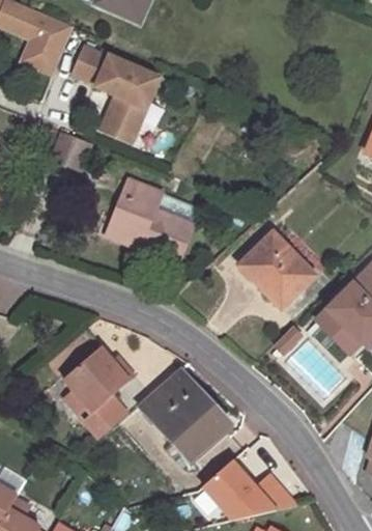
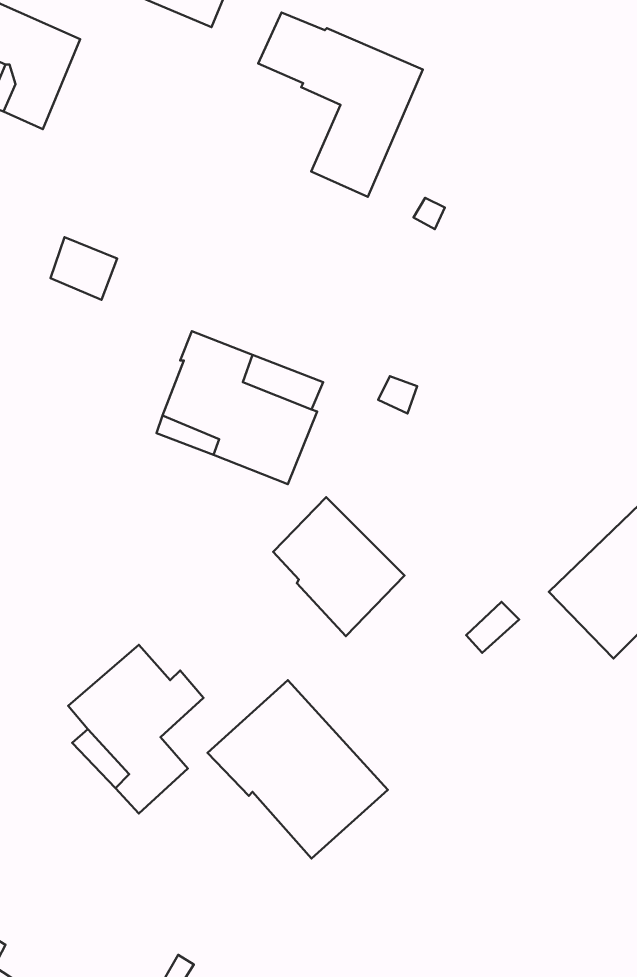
building: [71,47,159,144] -> [258,13,423,197]
building: [244,231,313,305] -> [273,497,405,636]
building: [204,458,298,518] -> none

